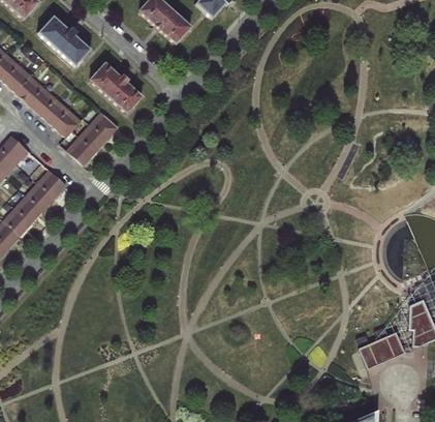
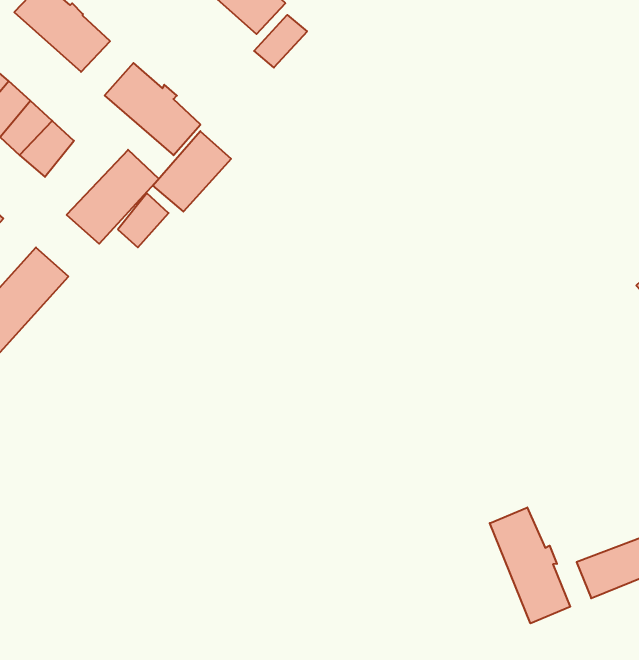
building: none -> [254,15,307,68]
building: none -> [153,131,231,212]
building: [54,106,83,137] -> [118,193,169,247]
building: none -> [490,507,570,623]

